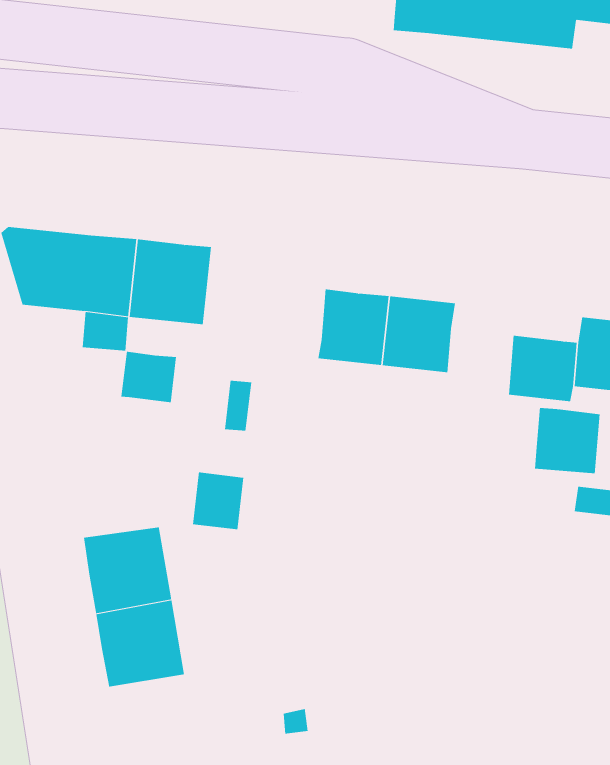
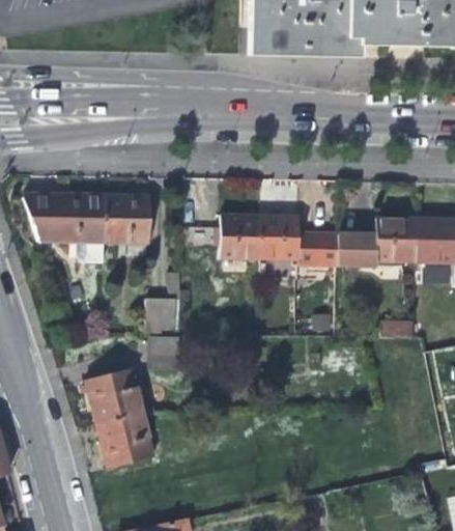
building: [121,351,177,403] -> [147,304,179,333]
building: [534,407,600,474] -> [298,232,336,270]

